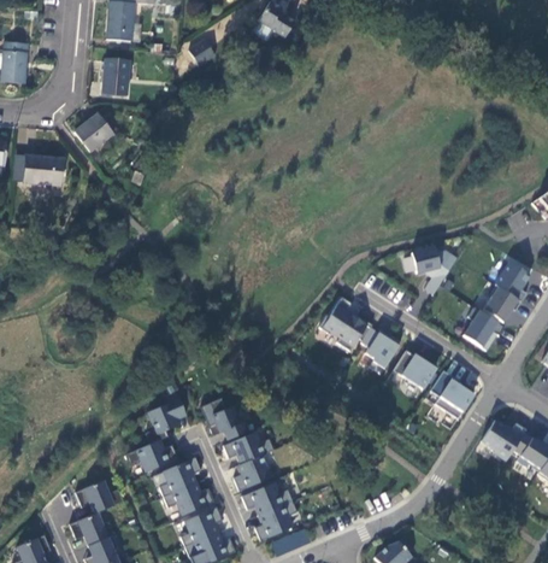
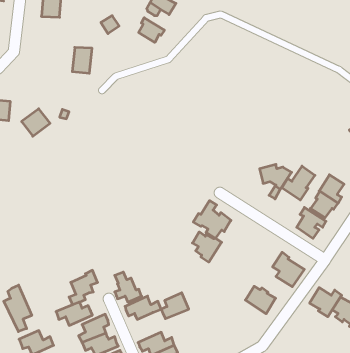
building: none -> [139,18,164,42]
building: [102,59,130,95] -> [72,47,92,73]
building: [75,113,114,152] -> [22,109,50,136]
building: none -> [282,166,315,200]
building: [361,327,402,369] -> [192,232,222,262]
building: [394,351,436,389] -> [245,286,276,314]
building: none -> [4,285,32,332]
building: [234,454,272,491] -> [161,293,189,319]

